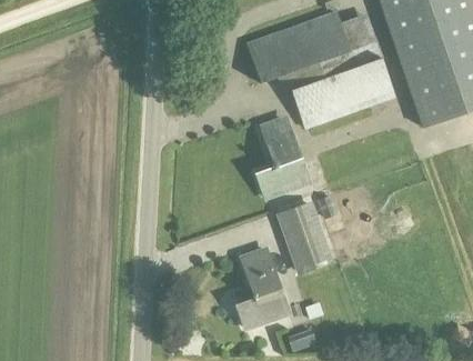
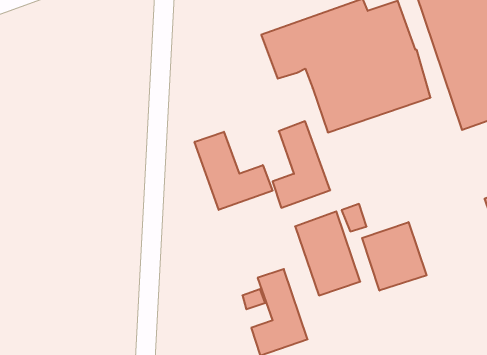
building: none -> [195,132,273,210]
building: none -> [362,222,427,291]

